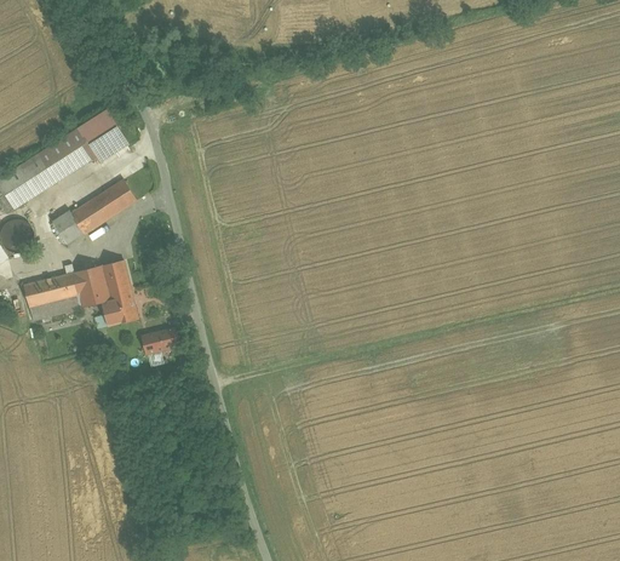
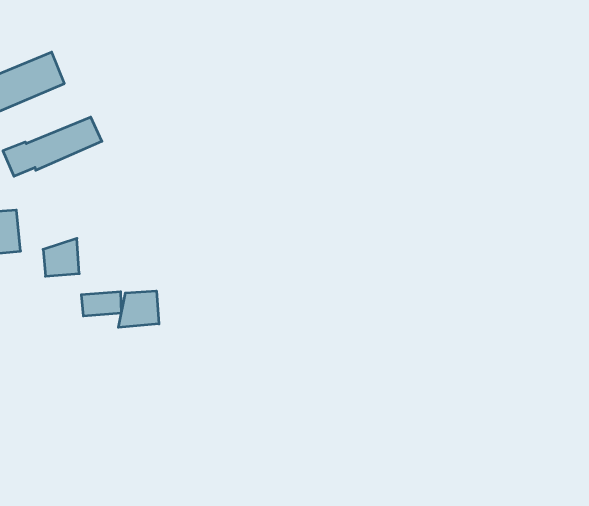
building: [80,110,127,160] -> none
building: [73,259,130,307] -> none
building: none -> [118,291,159,327]

